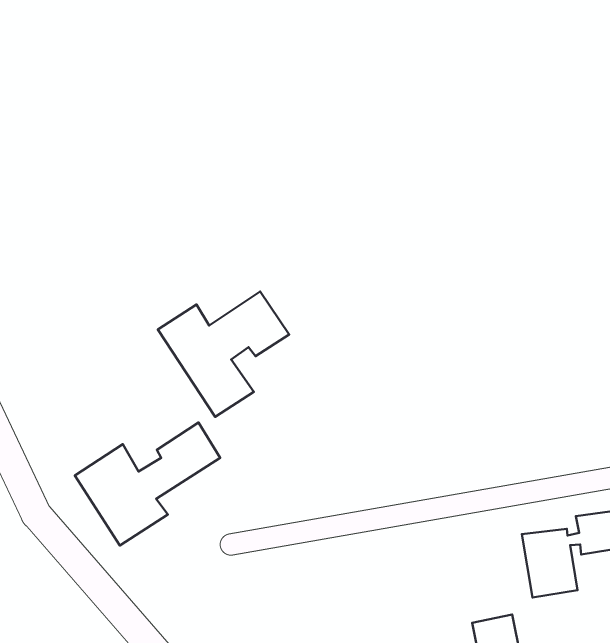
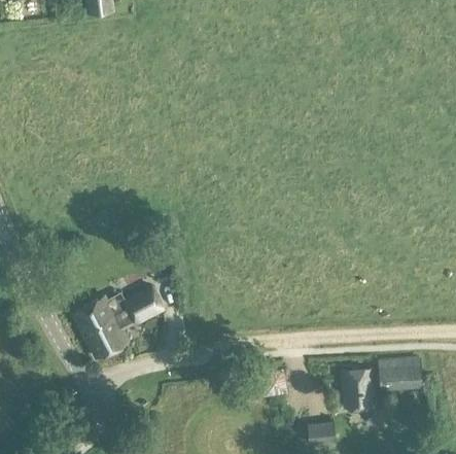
building: [158,292,289,417] -> none

